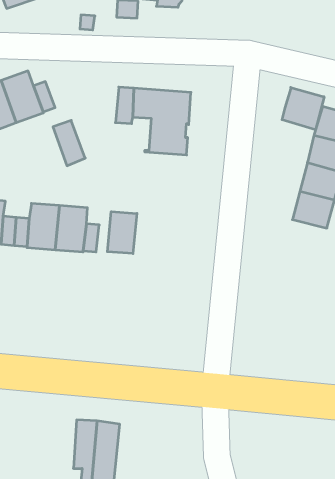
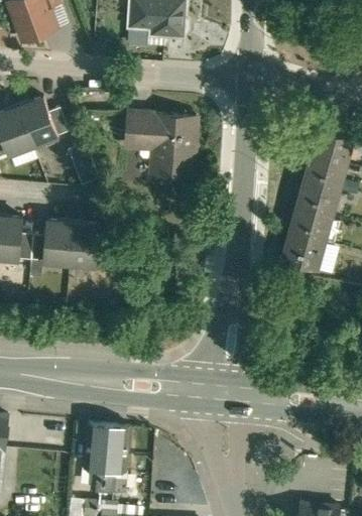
building: [282,87,324,130] -> none
building: [107,212,137,254] -> none
building: none -> [283,237,323,272]

